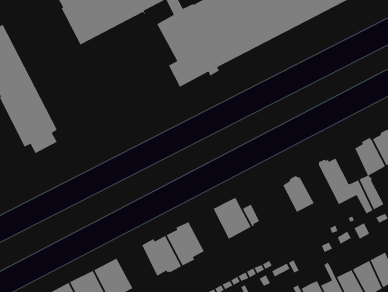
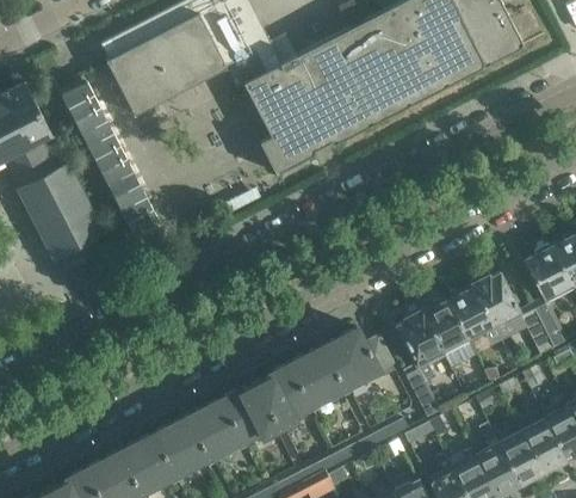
building: none -> [62,78,162,236]
building: none -> [446,283,501,348]
building: none -> [394,309,441,417]
building: none -> [289,346,345,407]
building: none -> [186,398,243,460]

